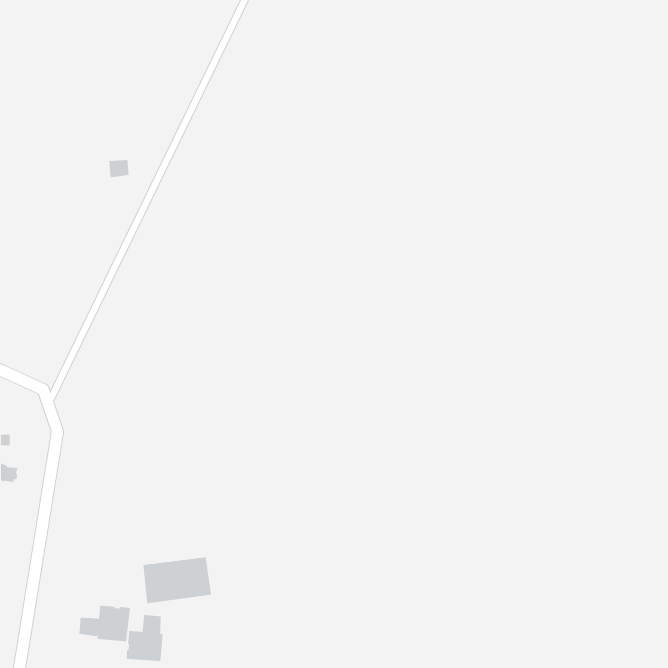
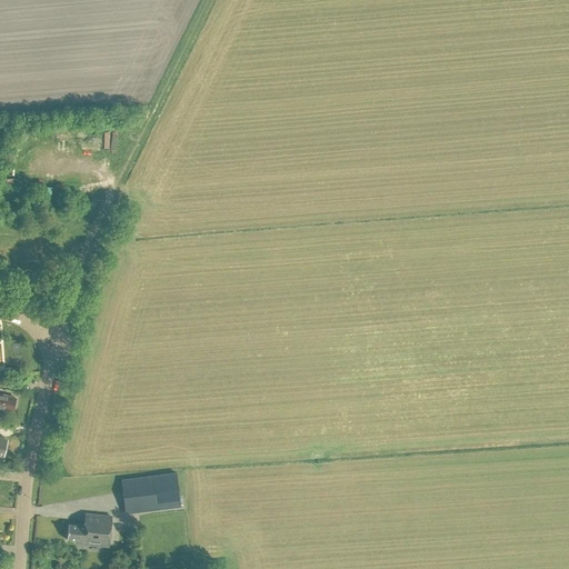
building: [126,614,163,662] -> none

